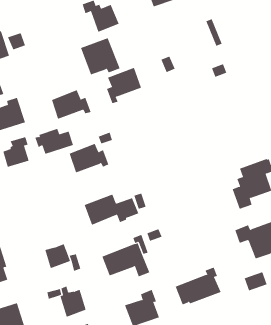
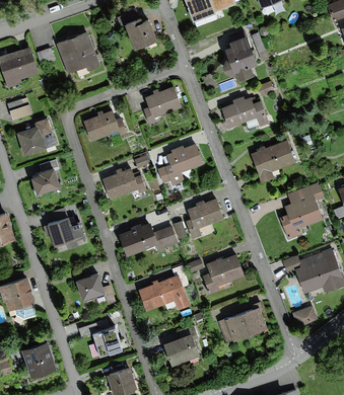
building: none -> [222,33,258,80]
building: [80,38,120,75] -> [57,32,100,73]
building: none -> [220,95,269,128]
building: none -> [250,140,295,183]
building: none -> [157,143,203,185]
building: [34,128,74,154] -> [43,216,85,244]
building: none -> [185,197,224,239]
building: none -> [202,253,246,295]

